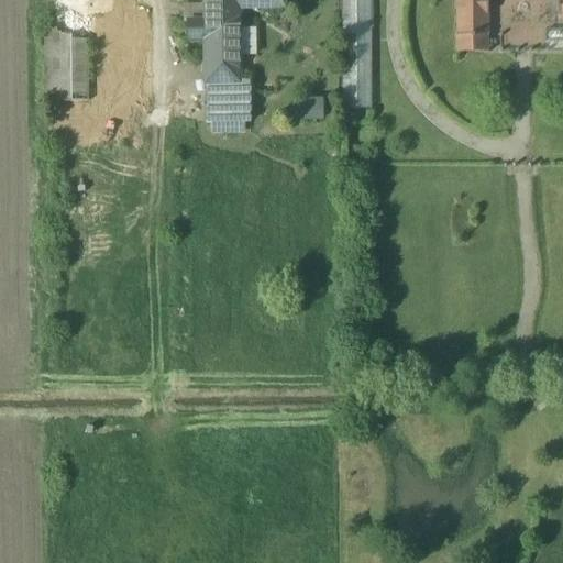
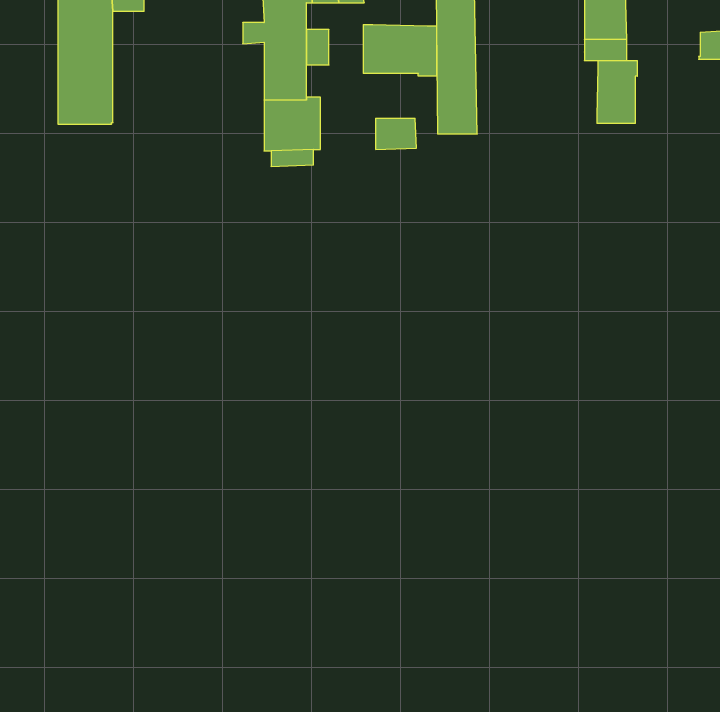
building: none -> [363,25,437,76]
building: none -> [597,61,637,123]

